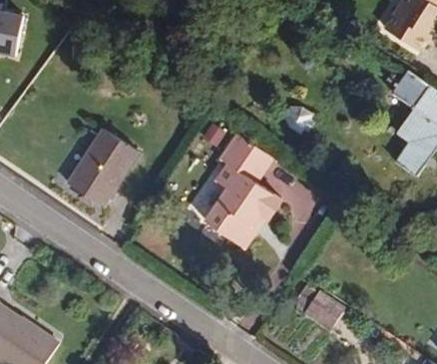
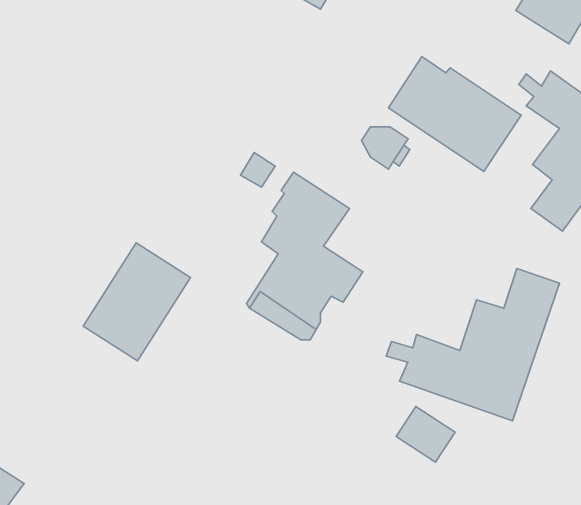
building: none -> [388,57,521,172]
building: [66,127,137,206] -> [83,243,191,361]
building: none -> [386,268,559,421]

